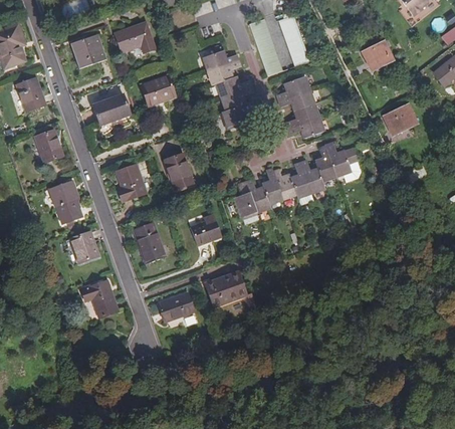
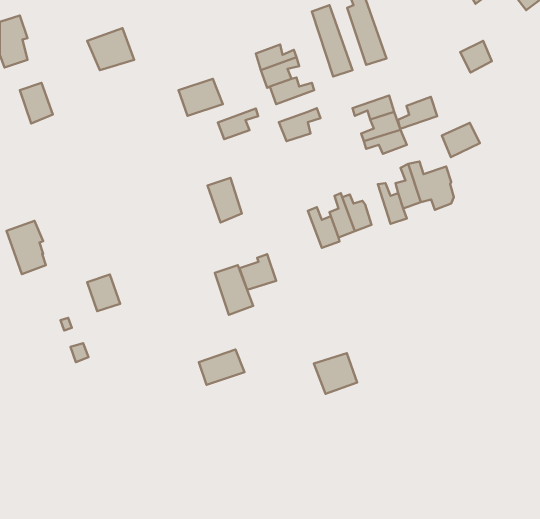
building: [118,24,157,53] -> none
building: [278,74,309,99] -> [398,97,437,129]
building: [220,85,252,110] -> [218,109,258,139]
building: [93,95,131,125] -> none
building: [387,109,417,136] -> [442,123,480,157]
building: [35,132,62,164] -> none
building: [290,160,310,196] -> none
building: [119,166,148,201] -> none
building: [234,181,256,216] -> none
building: [48,182,79,224] -> [7,221,46,274]
building: [136,222,166,261] -> [215,265,253,315]
building: [213,270,247,302] -> [314,353,357,394]
building: [80,280,115,316] -> none

